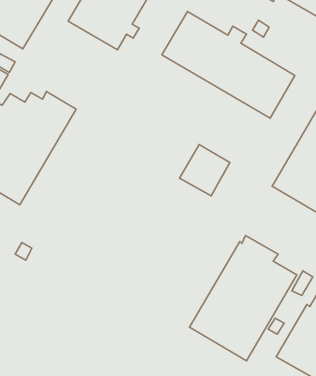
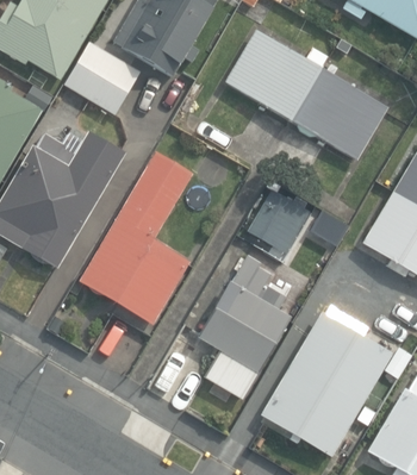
building: none -> [63,38,141,112]
building: none -> [81,152,195,327]
building: none -> [198,255,291,402]

